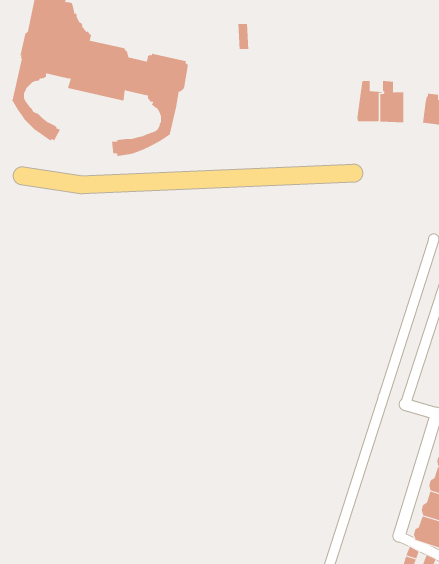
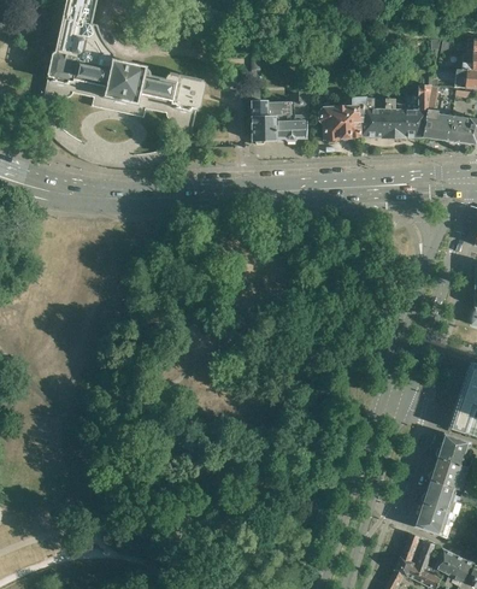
building: none -> [405,84,431,137]
building: none -> [251,88,310,143]
building: none -> [318,96,366,143]

